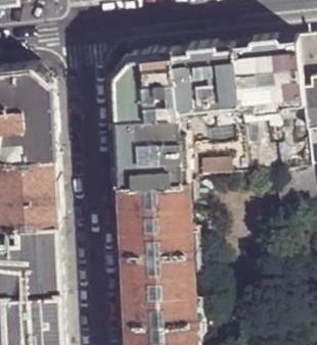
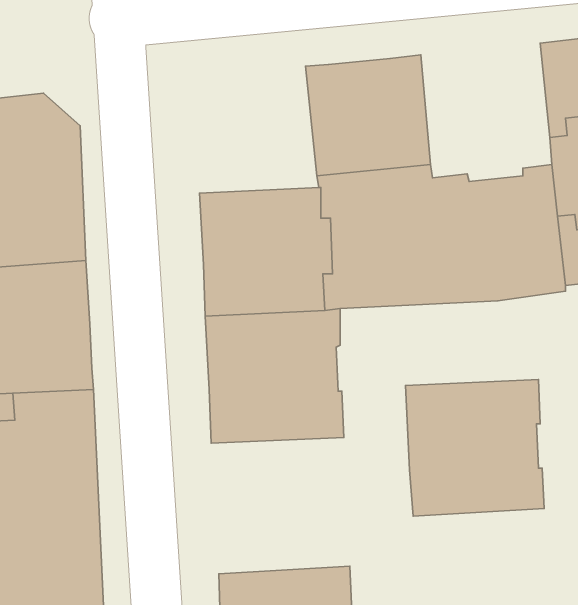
building: [230,38,300,111] -> none
building: [109,50,176,117] -> none
building: [119,247,192,319] -> [406,380,544,516]

